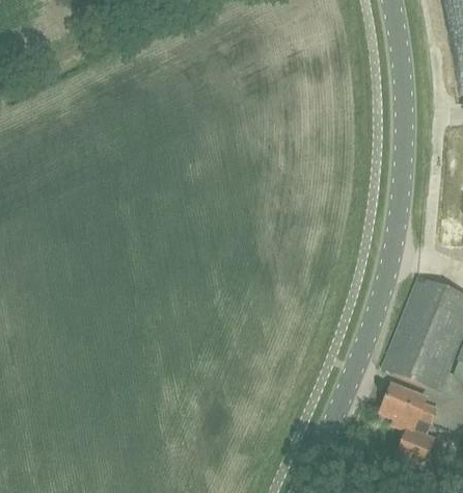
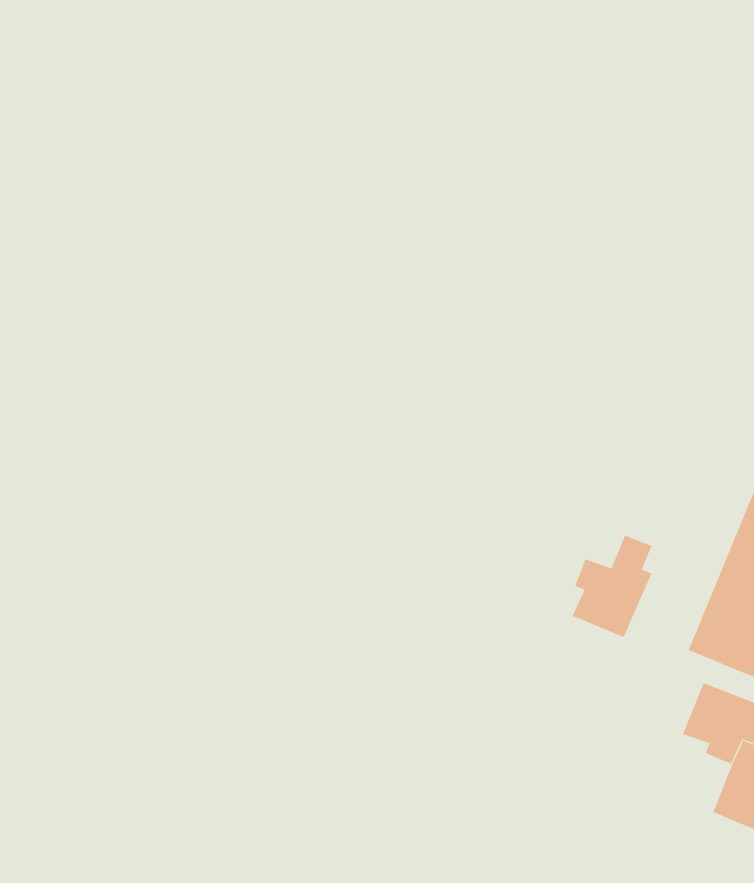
building: none -> [572,535,652,638]

